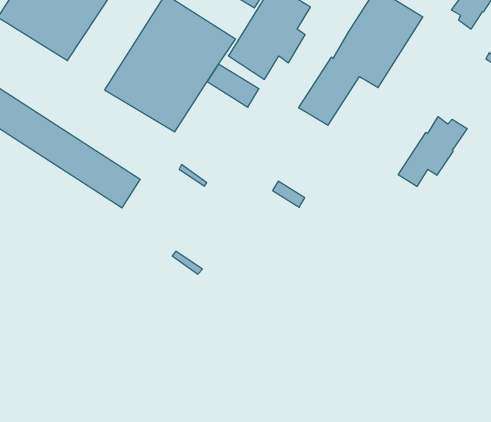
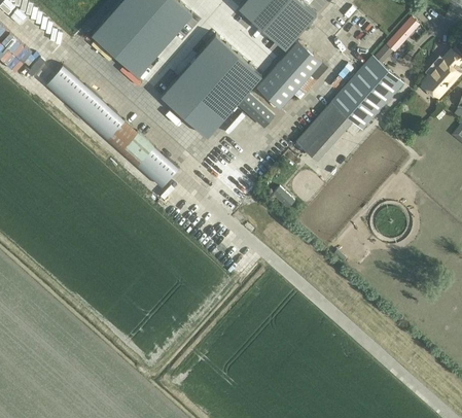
building: [398,117,467,186] -> none

